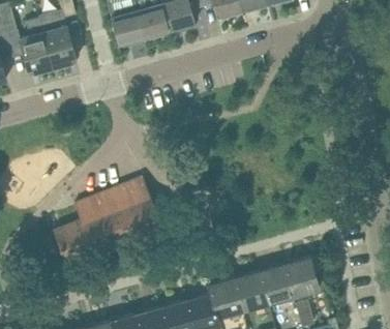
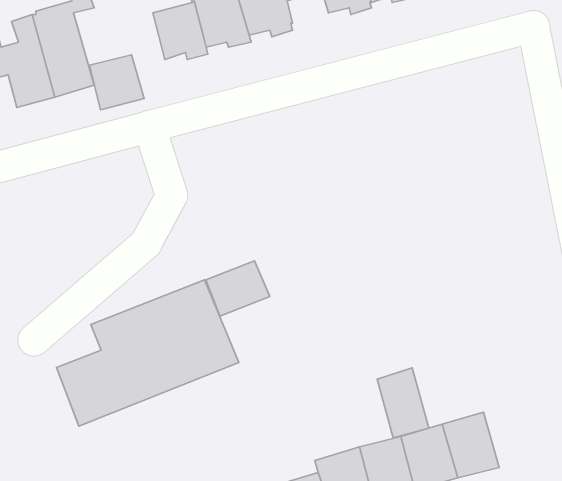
building: none -> [89,55,144,110]
building: none -> [206,261,270,316]
building: none -> [377,368,429,438]

